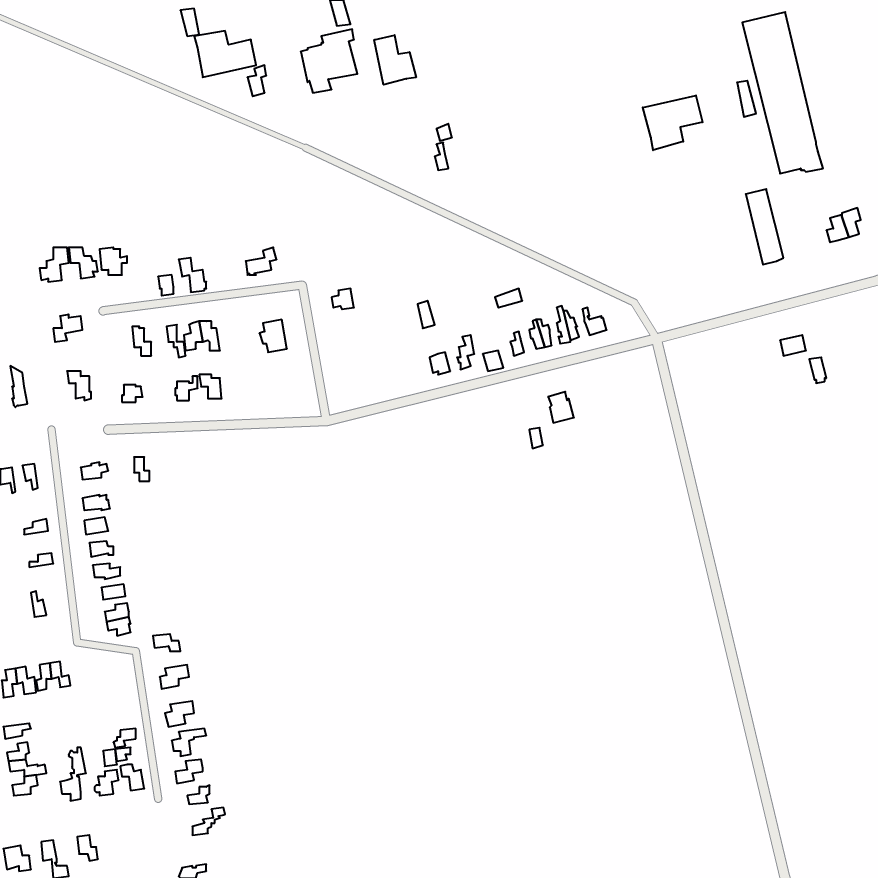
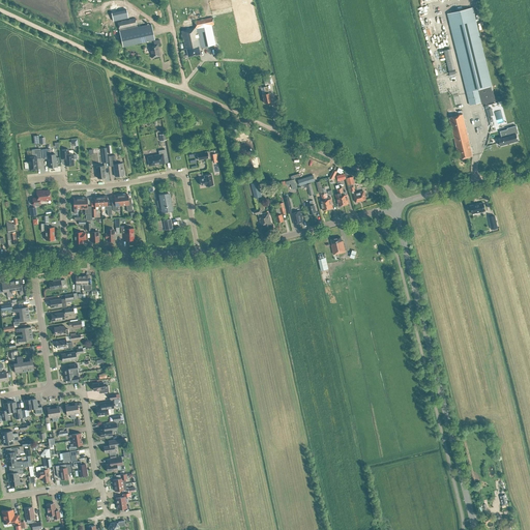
building: [374,35,416,85] -> none
building: [643,95,703,150] -> none

